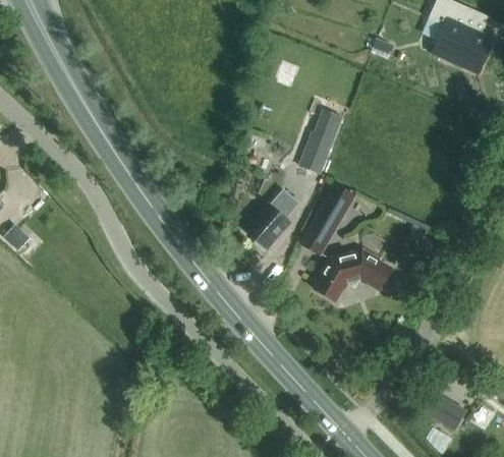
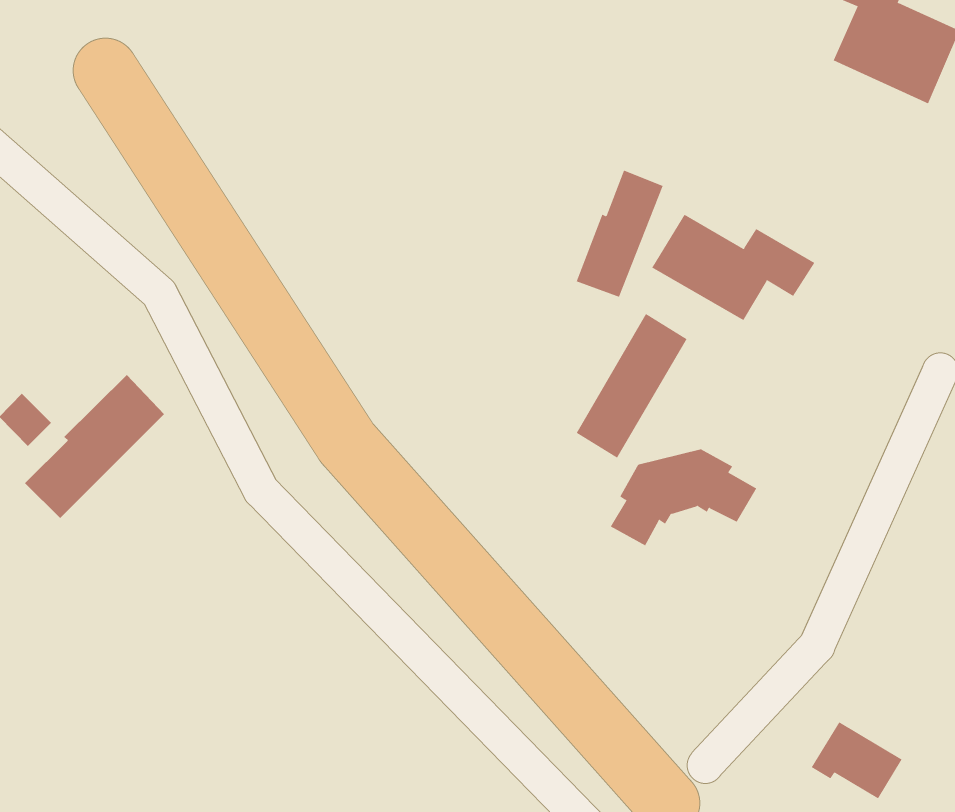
building: none -> [652,214,815,321]
building: [246,189,300,248] -> none
building: none -> [24,374,165,519]

